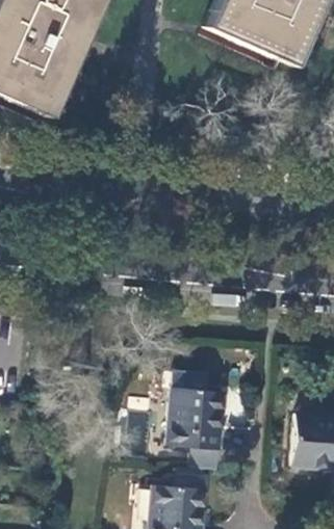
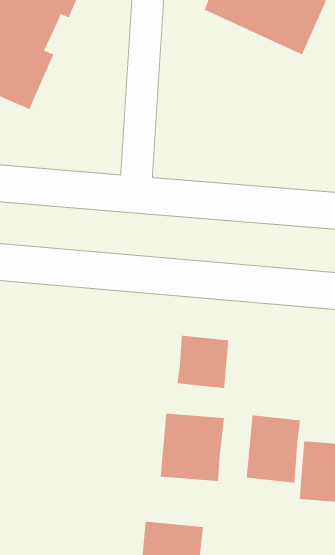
building: none -> [177,335,229,389]
building: none -> [246,415,301,483]

